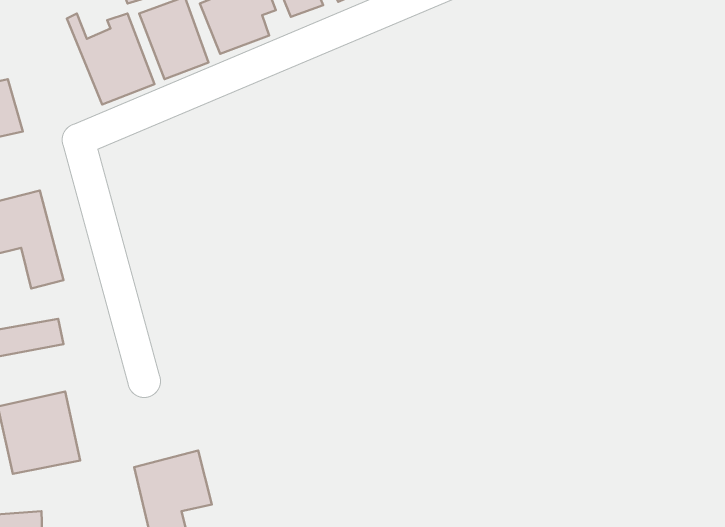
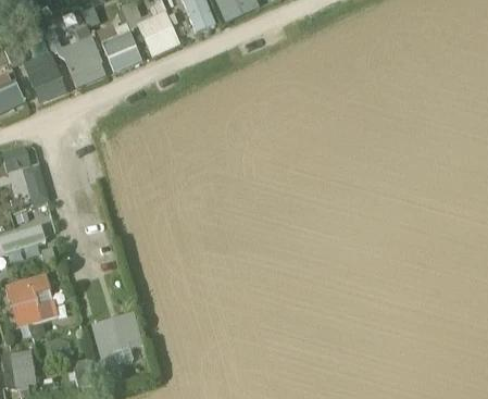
building: none -> [21,50,66,103]

